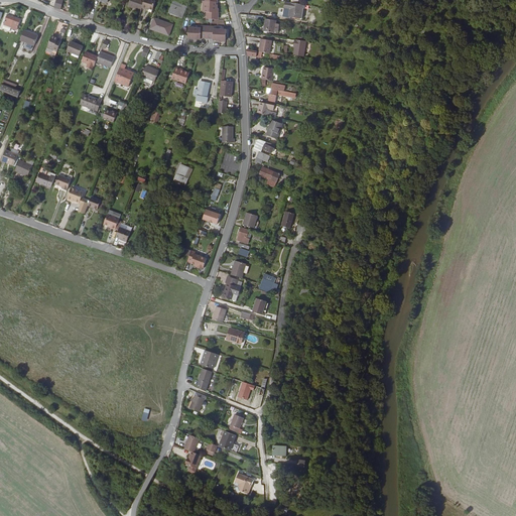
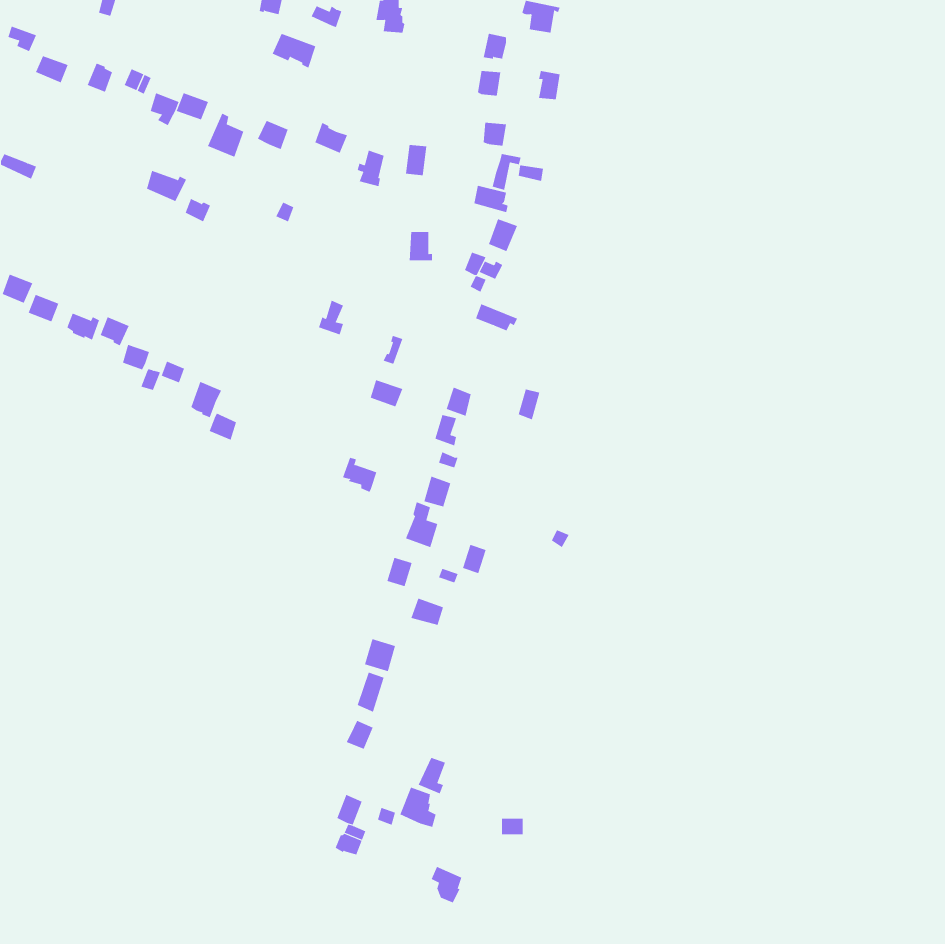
building: [187,24,226,40] -> none

